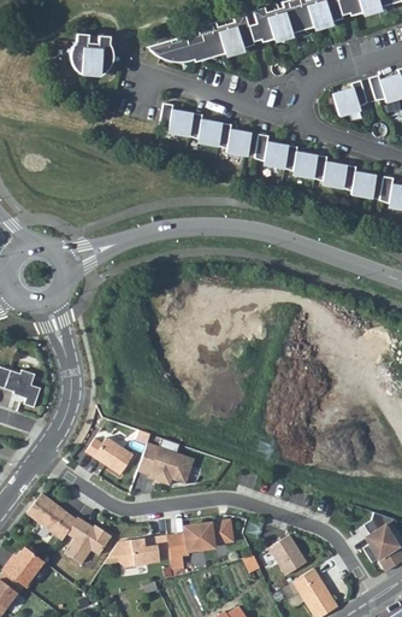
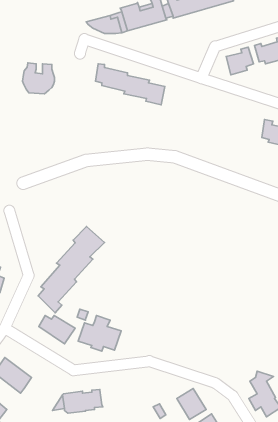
building: [71,35,113,76] -> [22,63,54,94]
building: [255,135,374,200] -> none
building: none -> [38,226,104,313]
building: [64,516,111,563] -> none
building: [166,522,231,554] -> none

